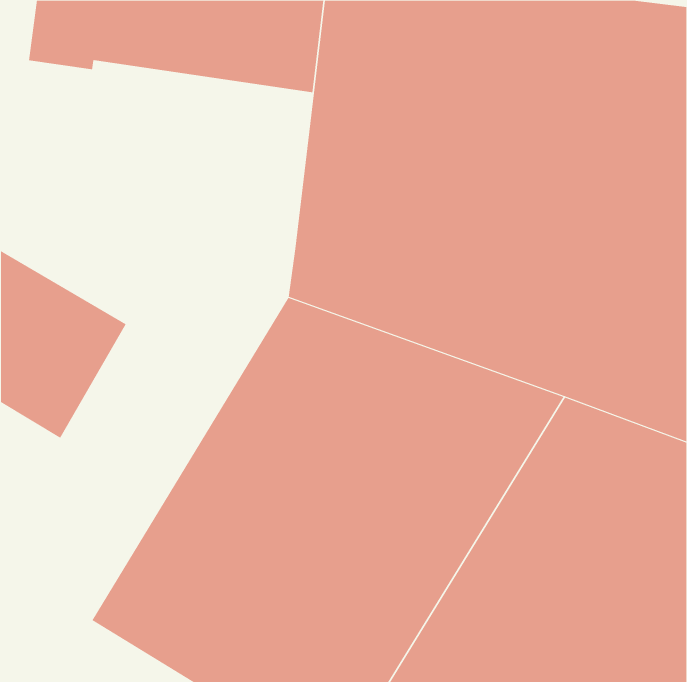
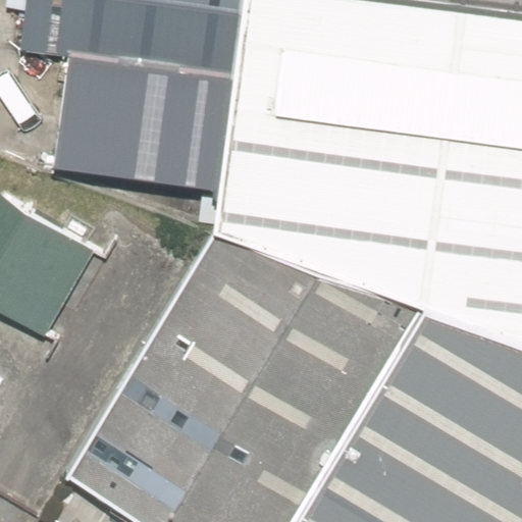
building: none -> [57,50,238,193]

